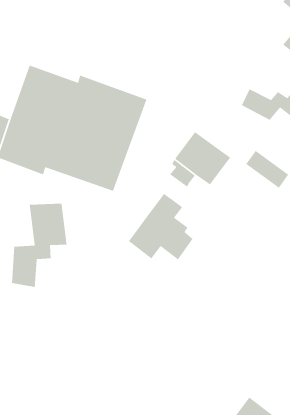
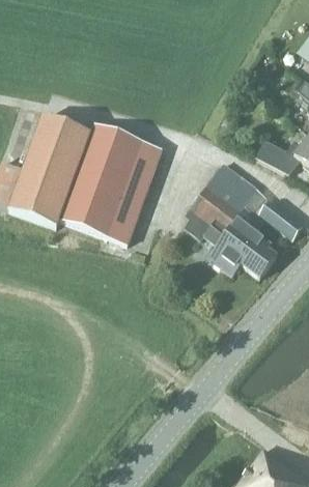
building: none -> [210,163,258,206]
building: [128,193,194,261] -> [210,209,277,278]
building: [11,203,67,288] -> none

